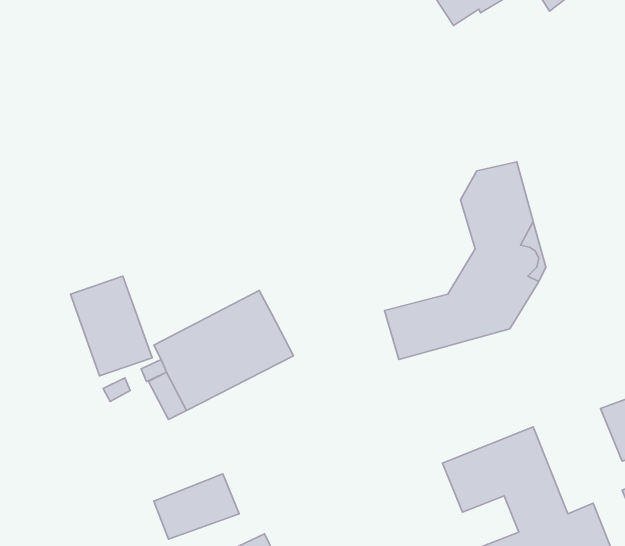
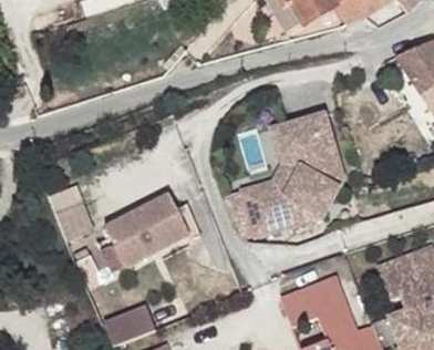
building: none -> [240,120,301,205]

